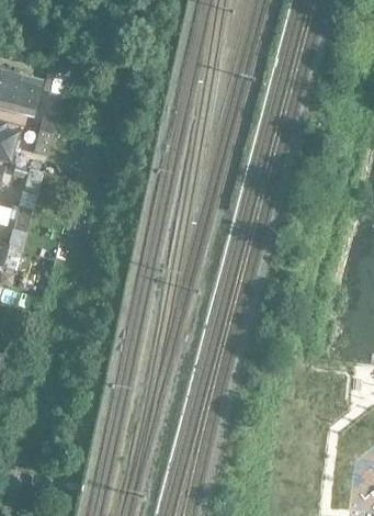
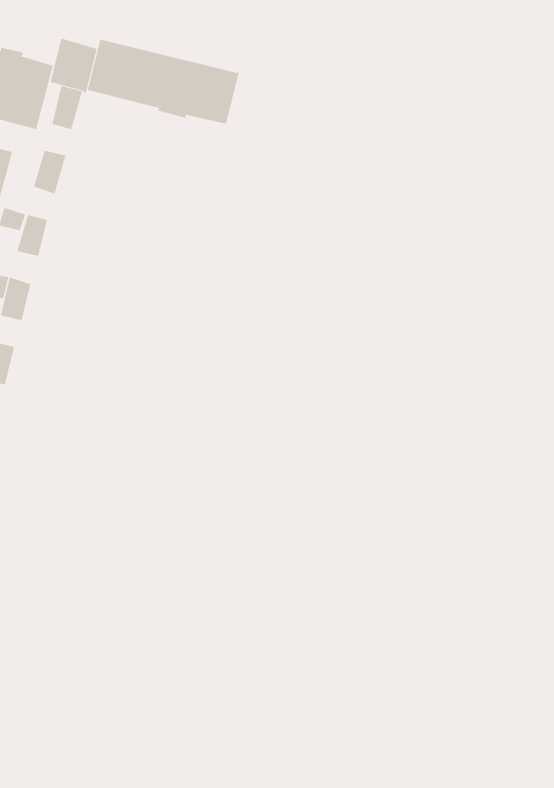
building: none -> [87,39,239,124]

